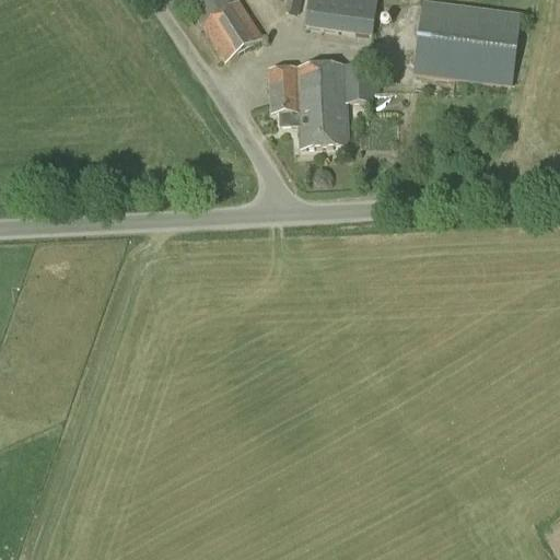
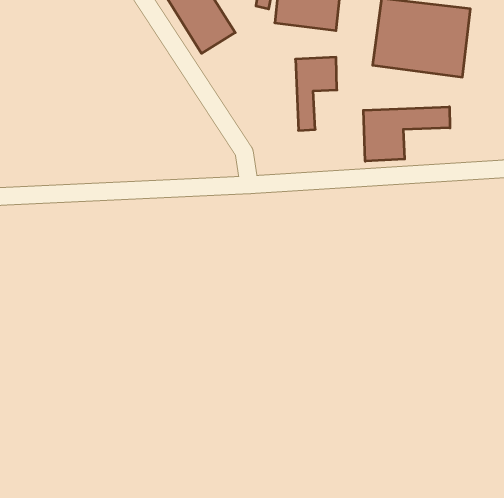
building: [269,66,330,145] -> none
building: none -> [363,107,450,161]

